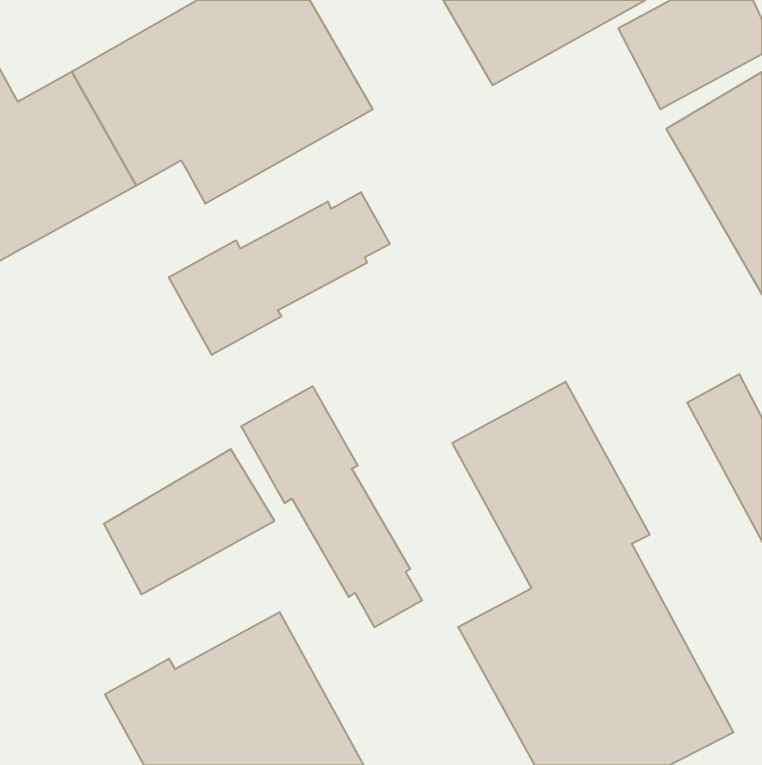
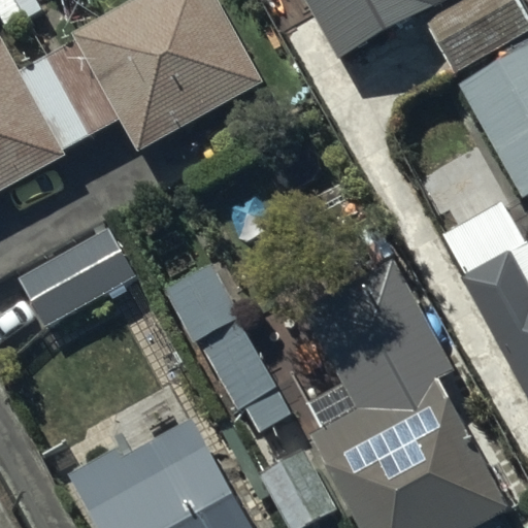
building: [169,192,390,355] -> none
building: [104,449,274,594] -> [22,229,139,329]

